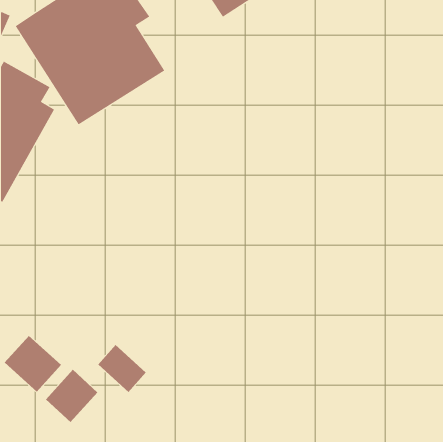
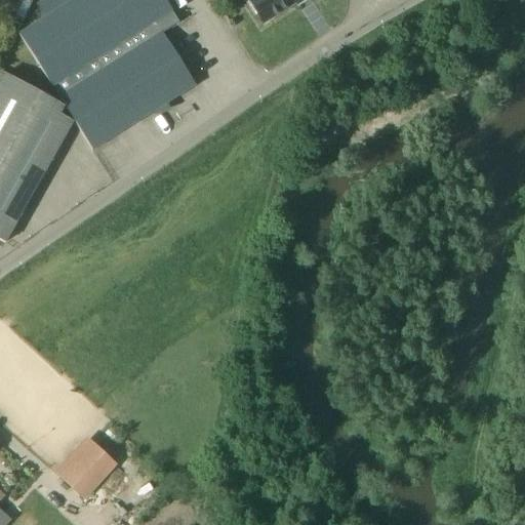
building: [4,335,62,392] -> none
building: [98,344,147,393] -> none

